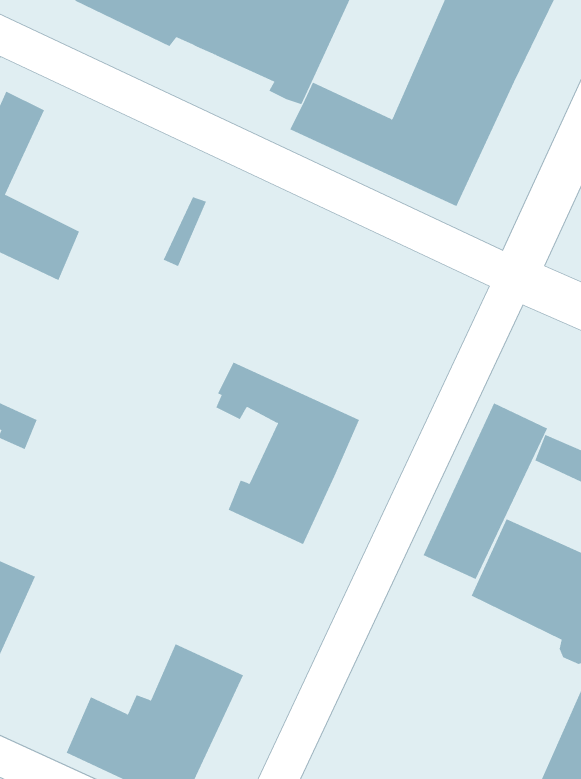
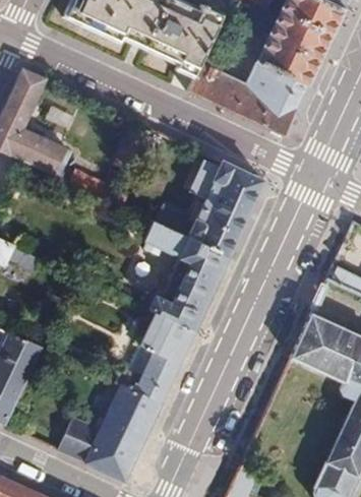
building: none -> [154,160,263,256]
building: [423,402,548,580] -> none
building: none -> [109,310,194,403]

